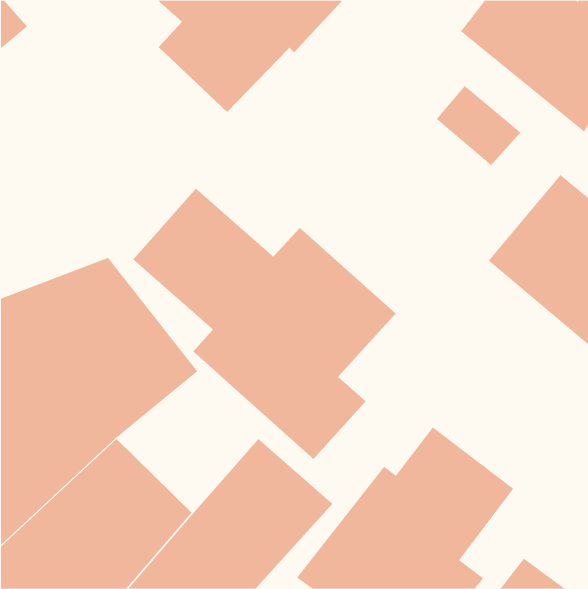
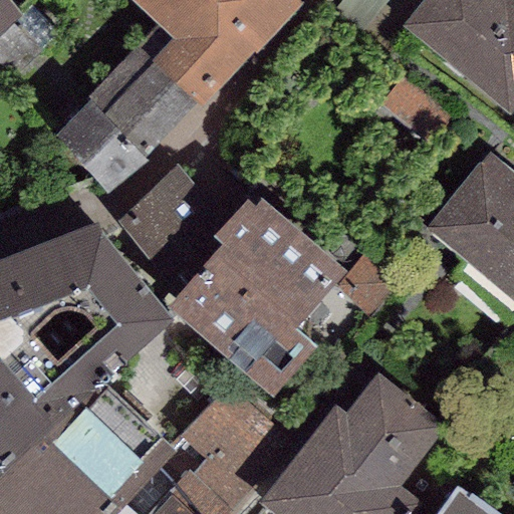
building: none -> [51,41,199,192]

